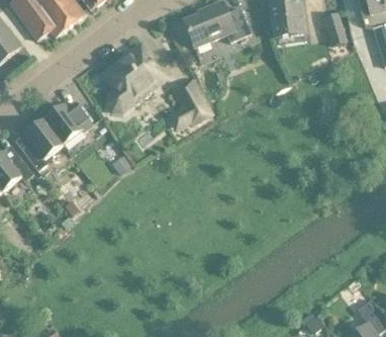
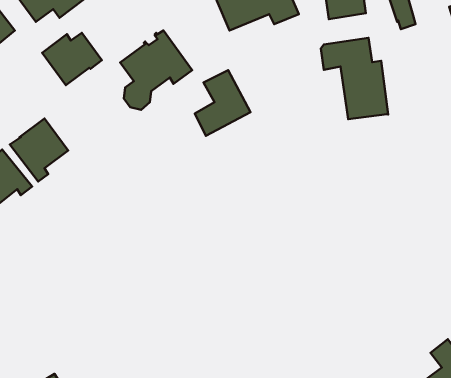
building: none -> [321,38,388,119]
building: [43,102,92,145] -> [42,33,102,85]

